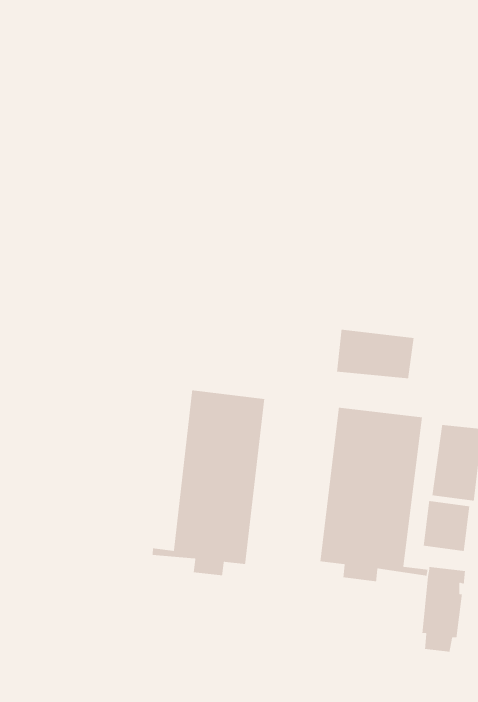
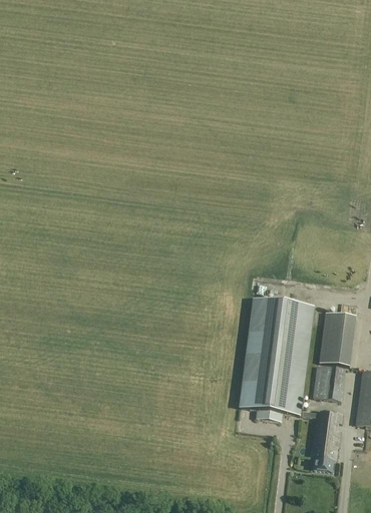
building: [336,329,414,379] -> none
building: [152,390,265,576] -> none

